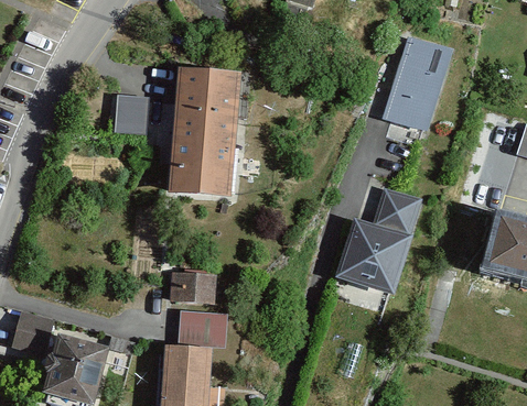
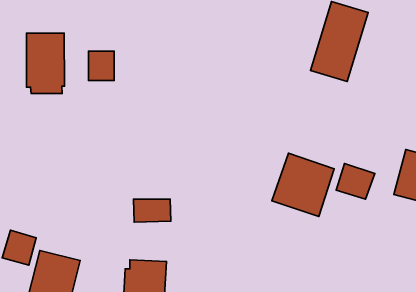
building: [171,68,238,194] -> none
building: none -> [26,33,64,94]
building: [375,187,421,230] -> [336,163,375,199]
building: [179,311,226,343] -> none

